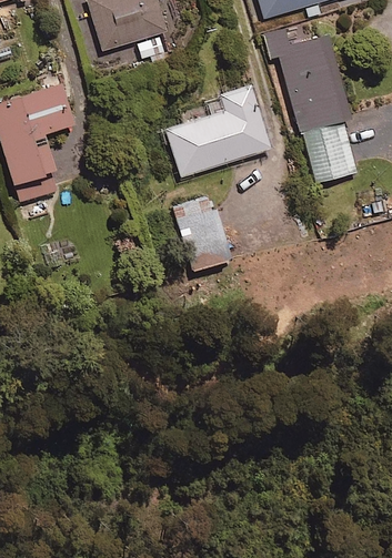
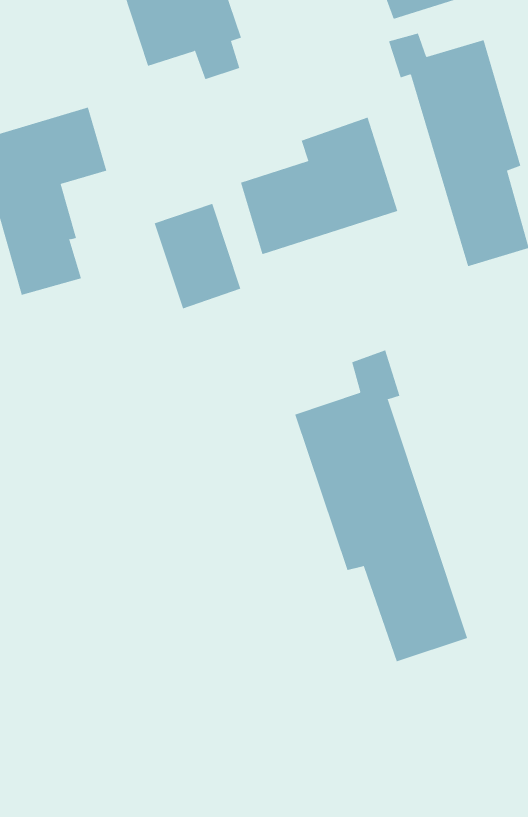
building: [172,195,230,265] -> [154,203,241,309]
building: none -> [294,350,468,662]

